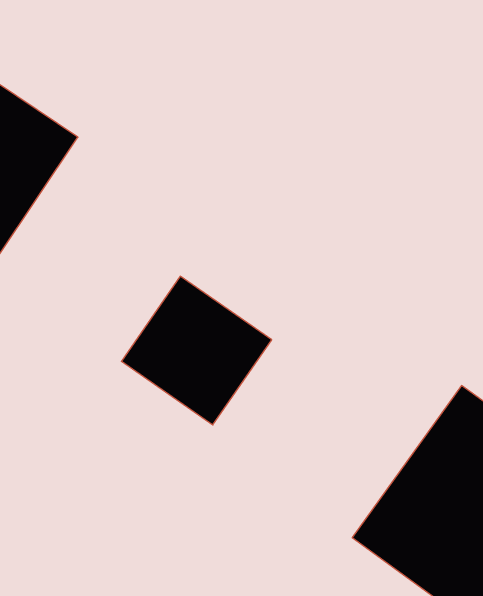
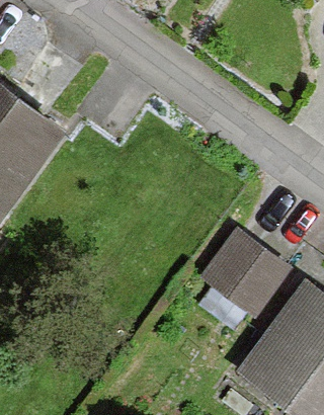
building: [121,276,272,425] -> [199,227,293,319]

